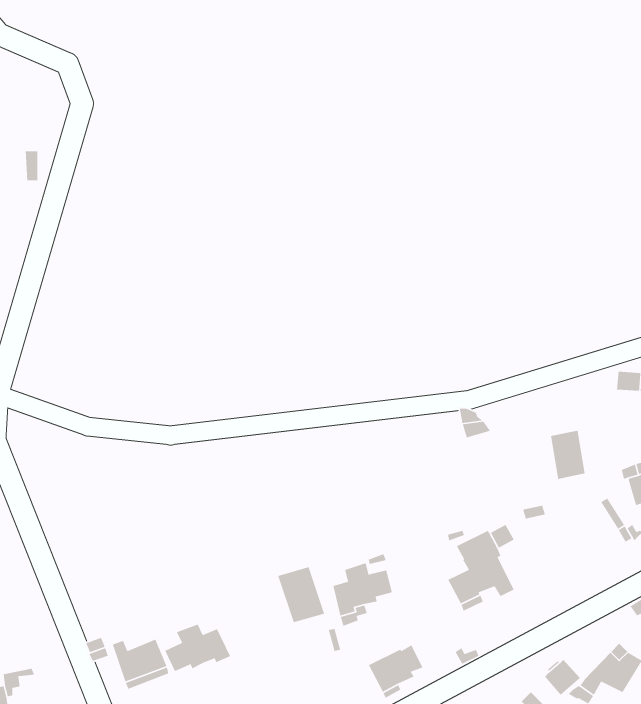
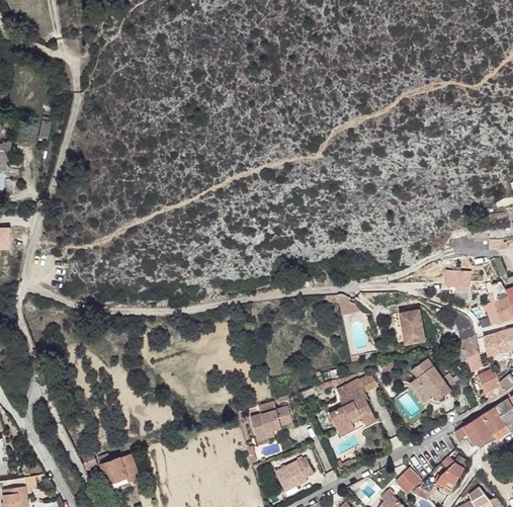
building: none -> [410,358,450,403]
building: [277,566,325,623] -> none
building: [164,623,231,672] -> none

